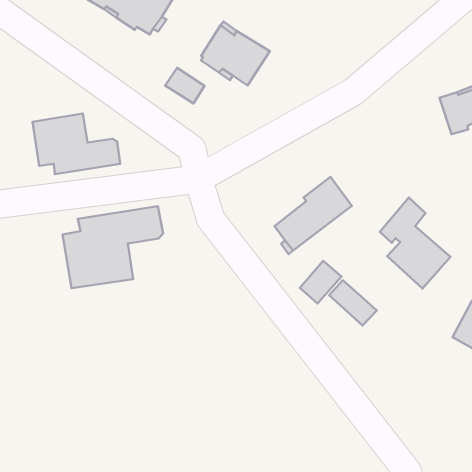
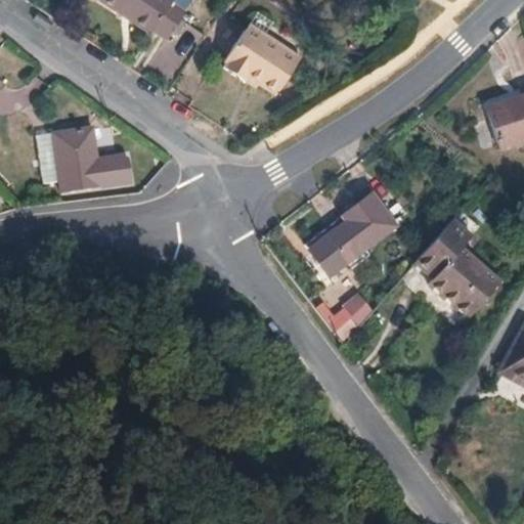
building: [165,68,205,103] -> none
building: [62,206,163,288] -> none
building: [329,280,377,325] -> none

